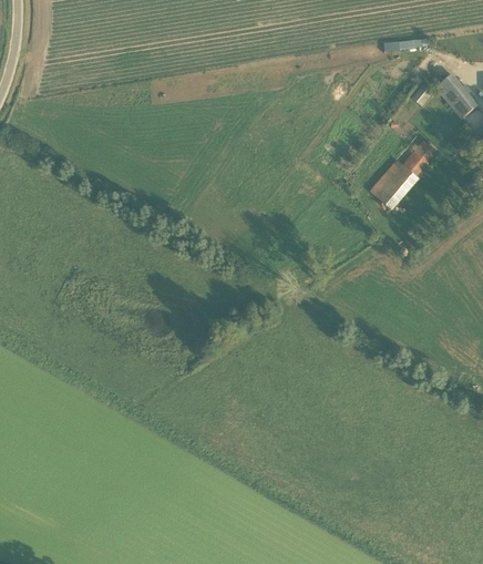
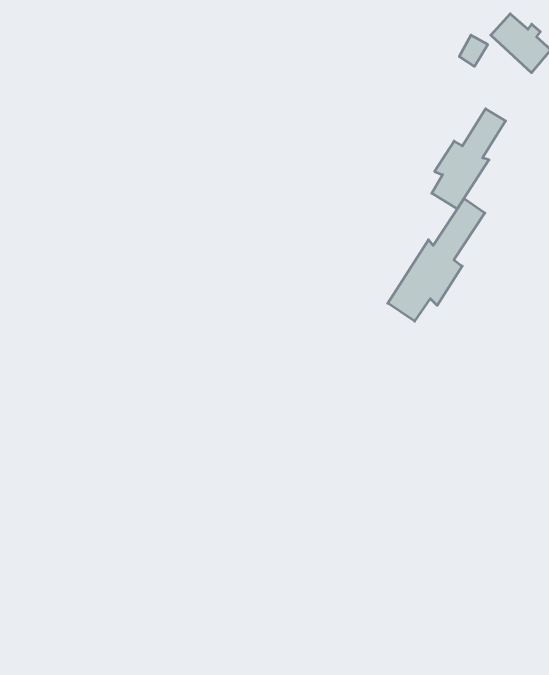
building: none -> [388,198,485,321]

